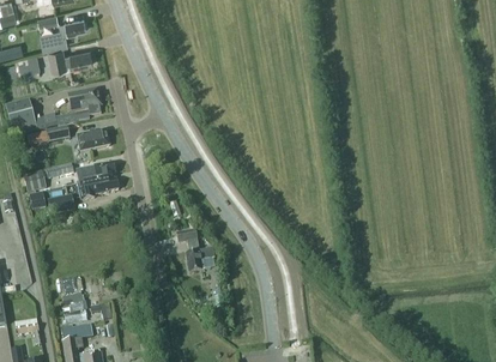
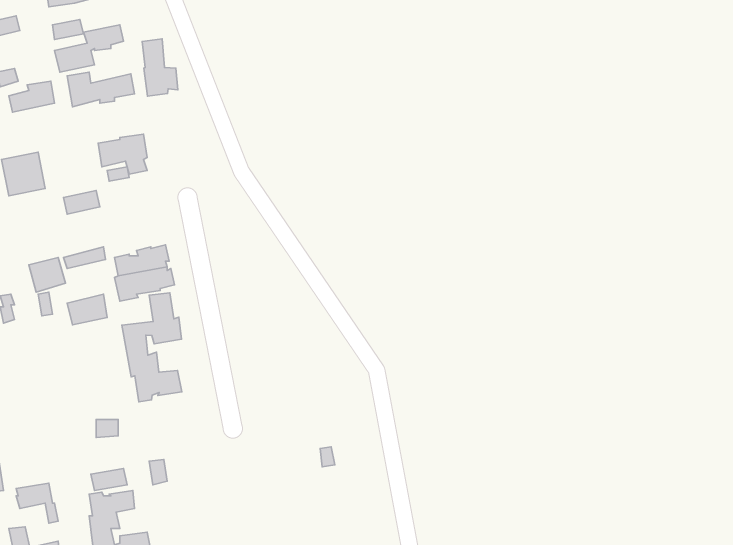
building: none -> [142,39,178,96]
building: [74,129,108,152] -> none
building: none -> [122,293,182,402]
building: [175,231,213,273] -> none

